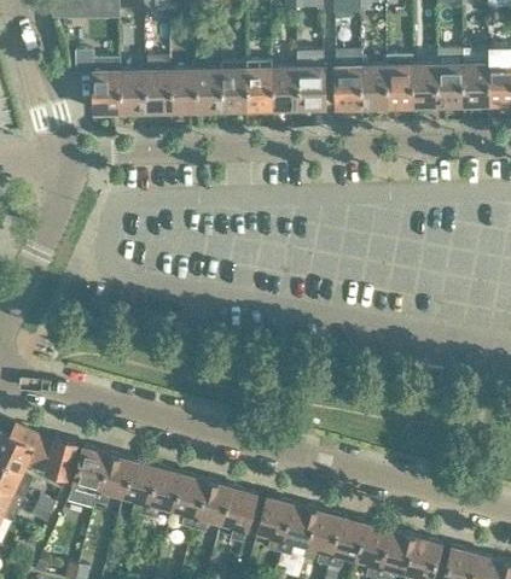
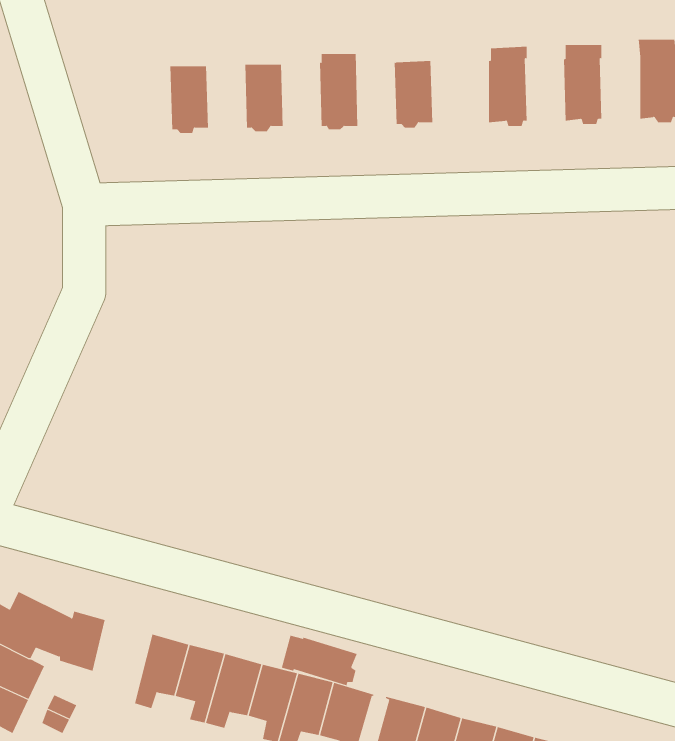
building: [75,51,121,116] -> none
building: [297,52,324,112] -> none
building: [246,62,273,113] -> none
building: [412,64,439,109] -> none
building: [361,65,388,110] -> none
building: [196,68,222,115] -> none
building: [145,69,172,115] -> none
building: [68,449,108,509] -> none
building: none -> [281,635,357,686]

